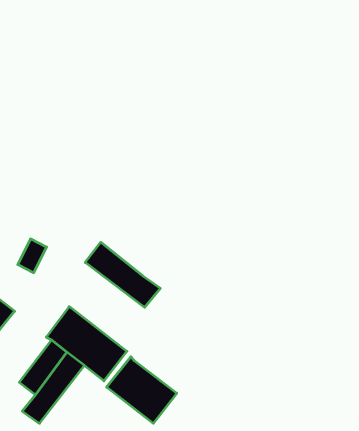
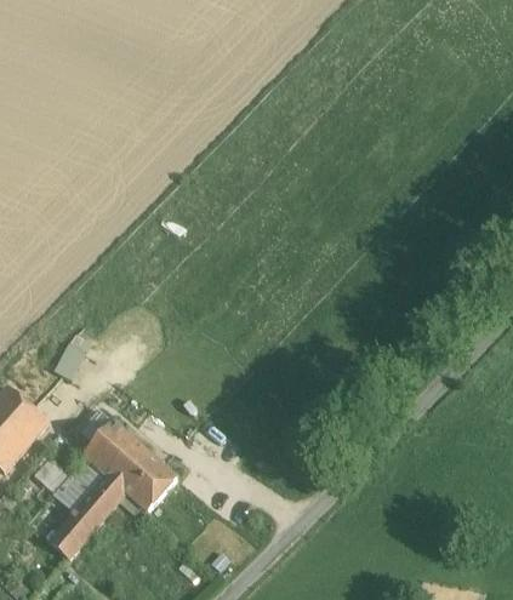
building: [85,242,160,307] -> none
building: [107,357,177,423] -> none

